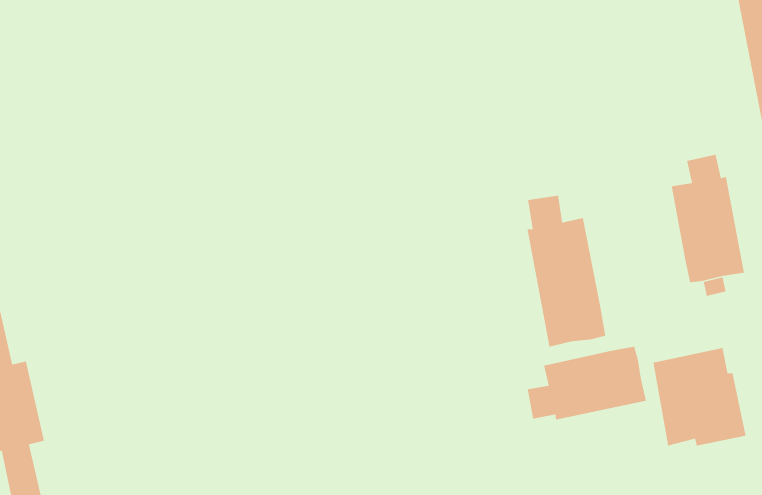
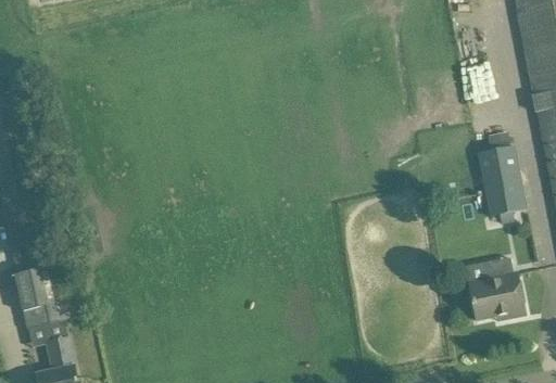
building: [526,195,606,347] -> none
building: [527,346,647,421] -> none

